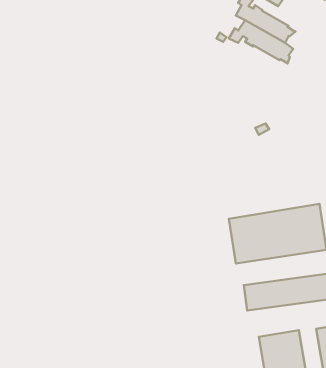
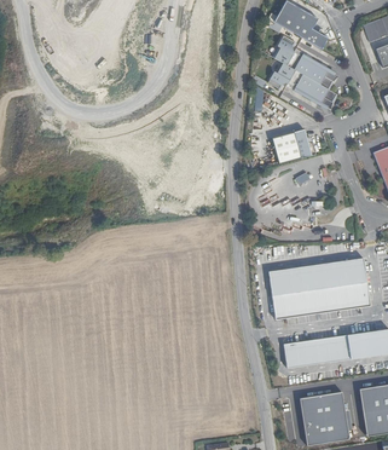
building: none -> [272,128,314,163]

